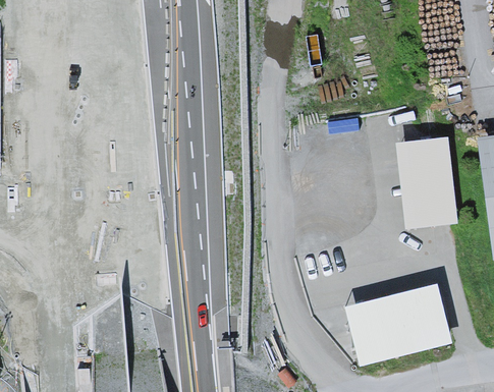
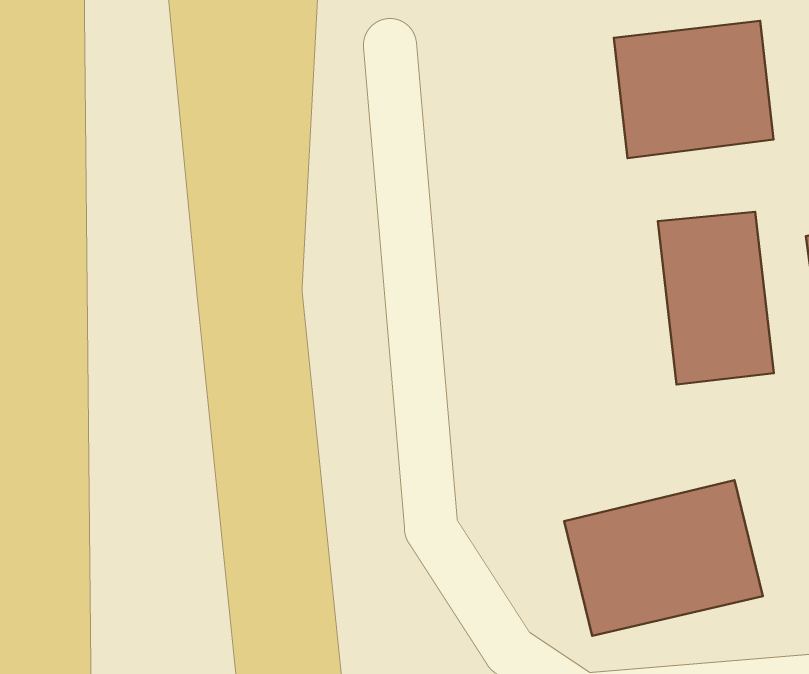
building: none -> [614,21,774,158]

